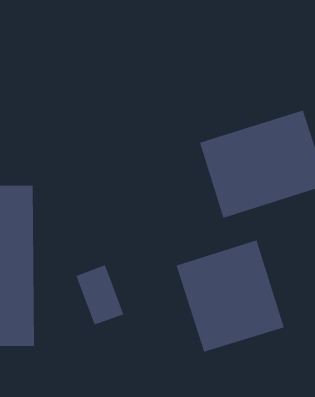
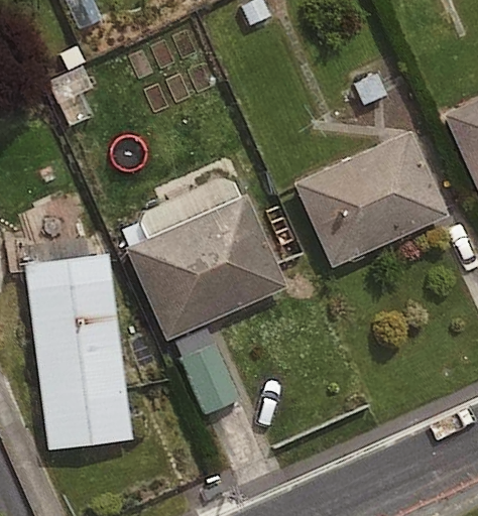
building: none -> [126,194,287,341]
building: [176,239,284,353] -> none

